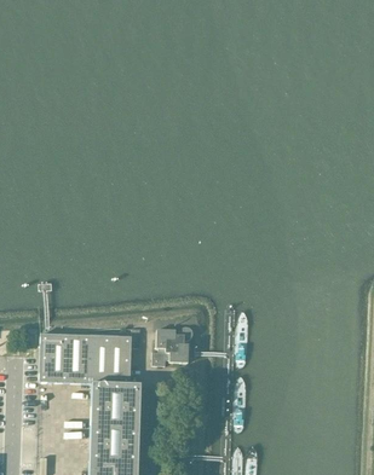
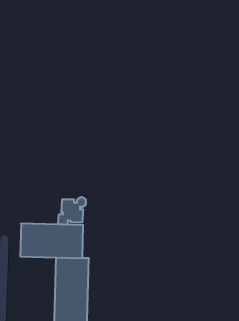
building: [151,324,192,364] -> [58,197,86,225]

